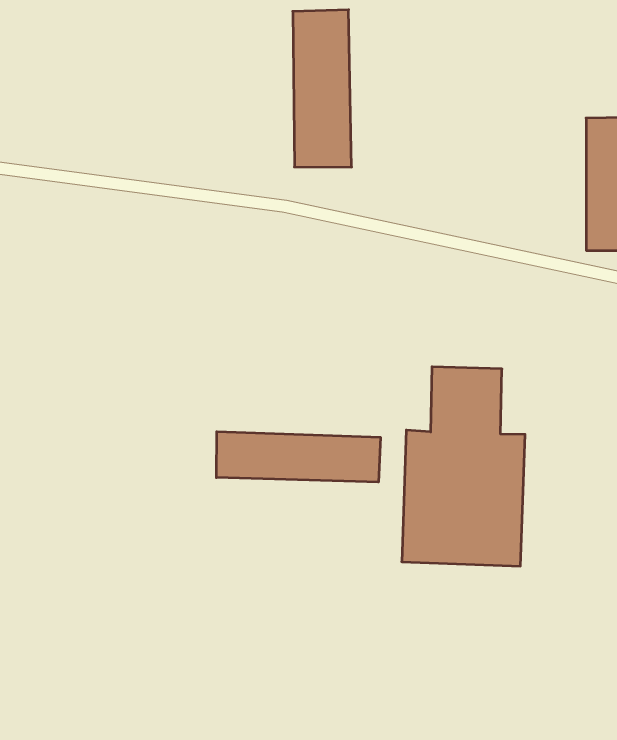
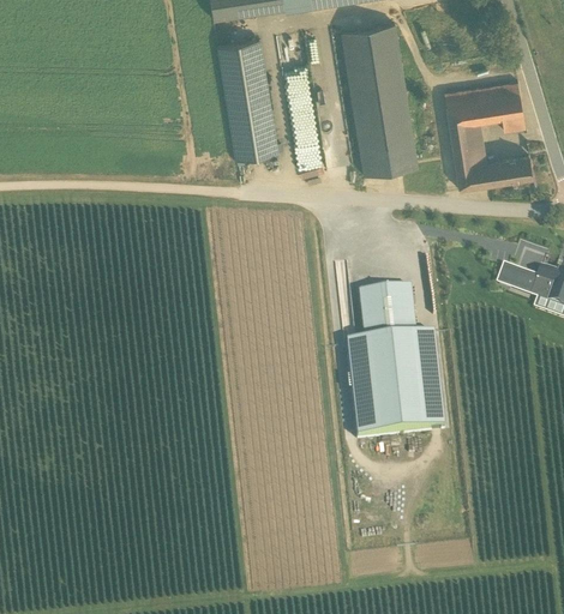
building: none -> [341,22,419,173]
building: [216,432,380,482] -> none

